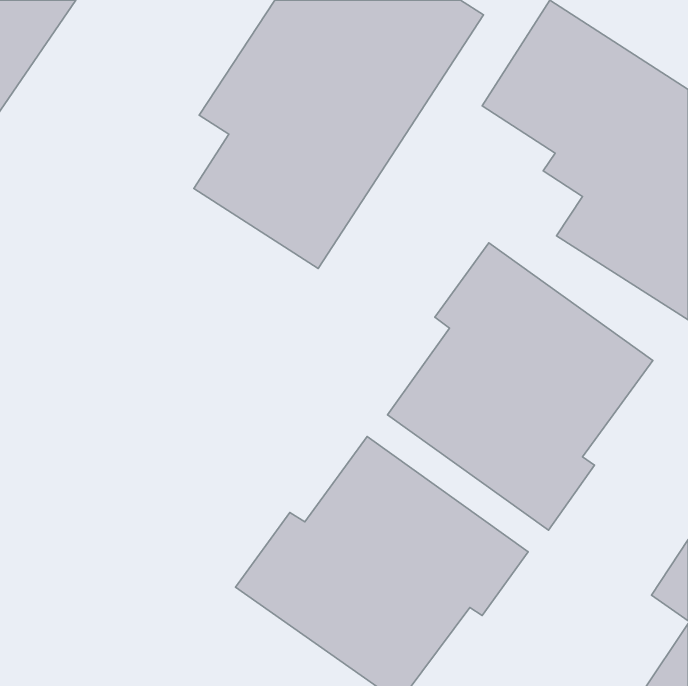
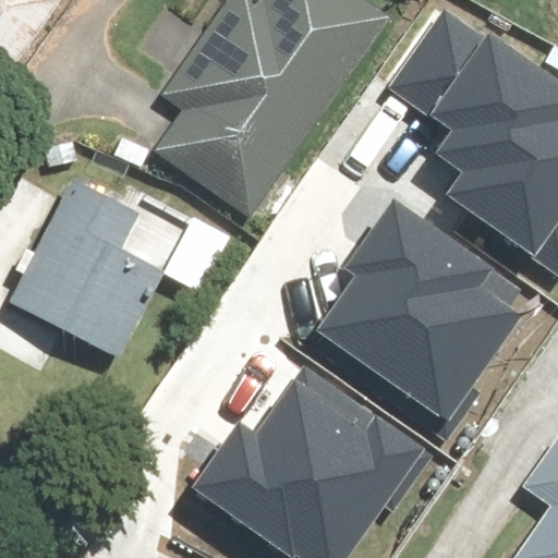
building: none -> [13,177,172,357]

